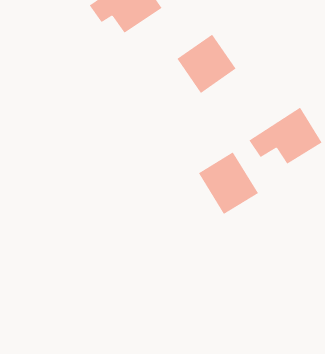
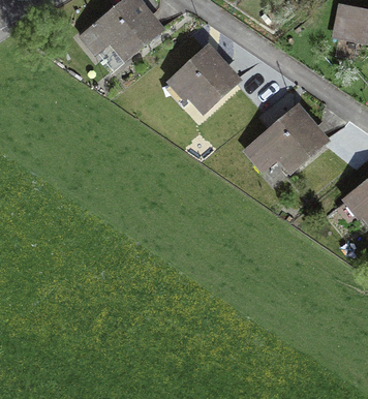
building: [198,151,259,215] -> none

